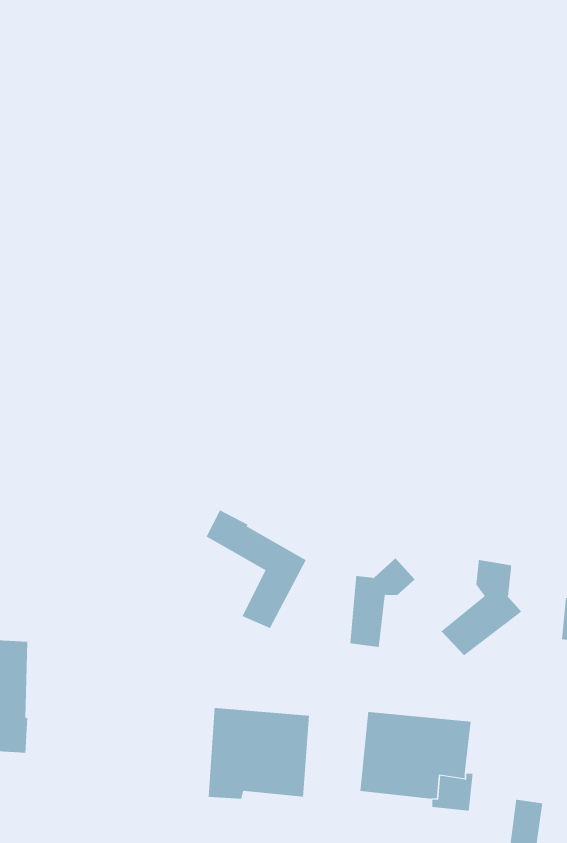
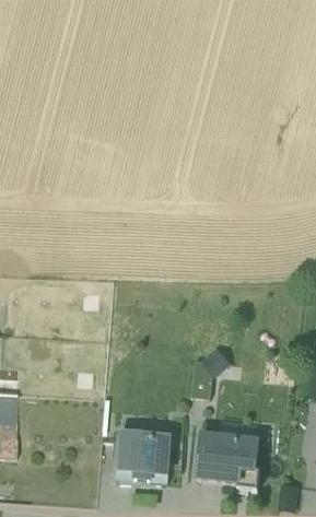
building: [206,509,306,629] -> none
building: [440,559,522,656] -> none

